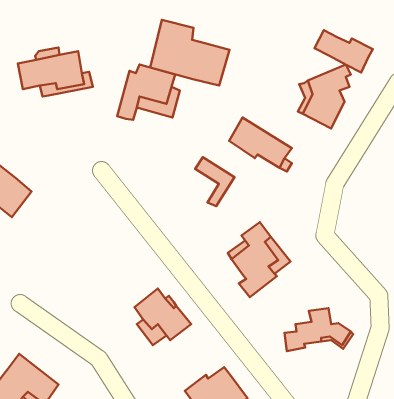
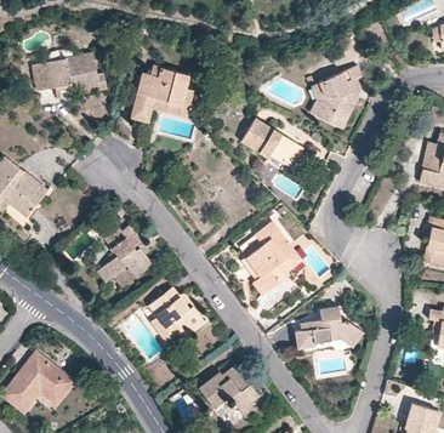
building: [150,20,229,85] -> none
building: [315,30,373,73] -> none
building: [195,157,234,206] -> none
building: none -> [98,224,153,286]

